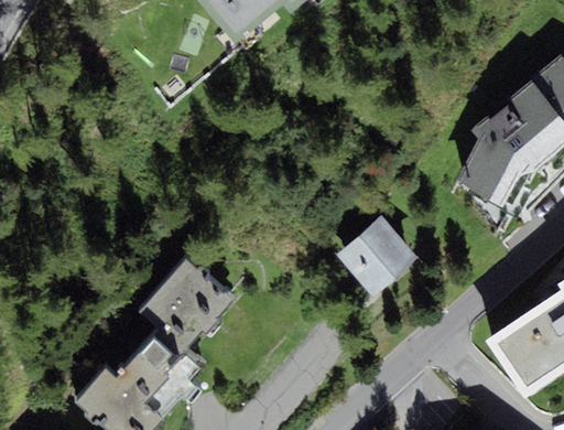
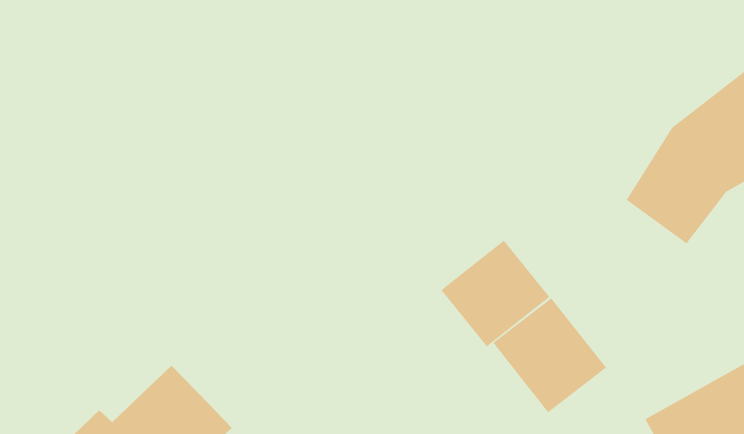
building: [134,256,232,355] -> none
building: none -> [492,297,607,413]

